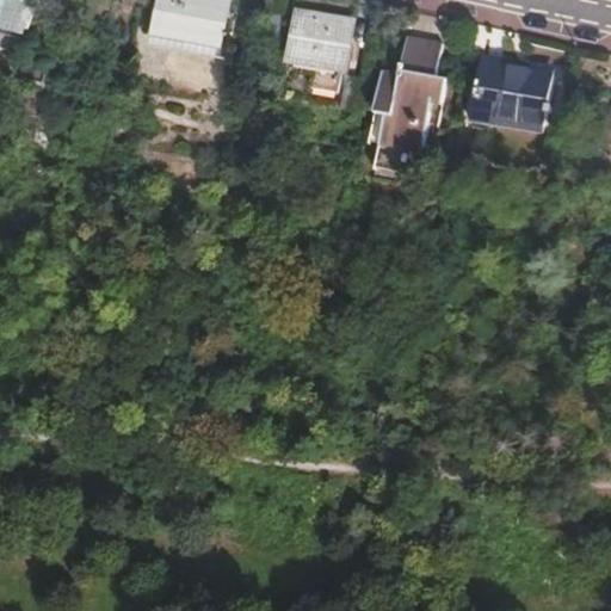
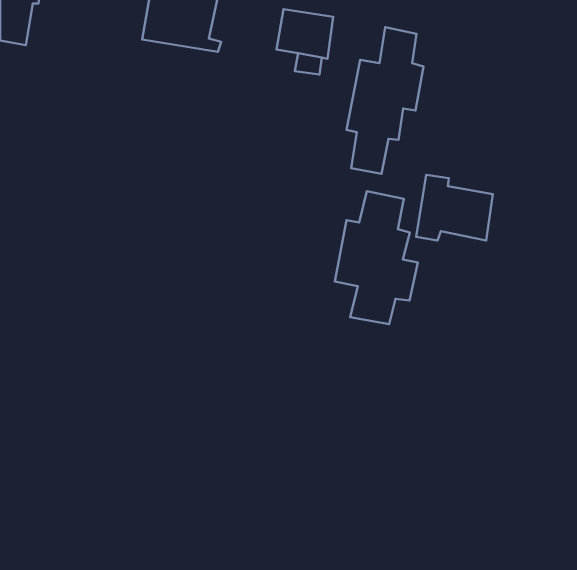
building: [473,53,554,122] -> [416,175,493,240]
building: none -> [335,191,418,324]

